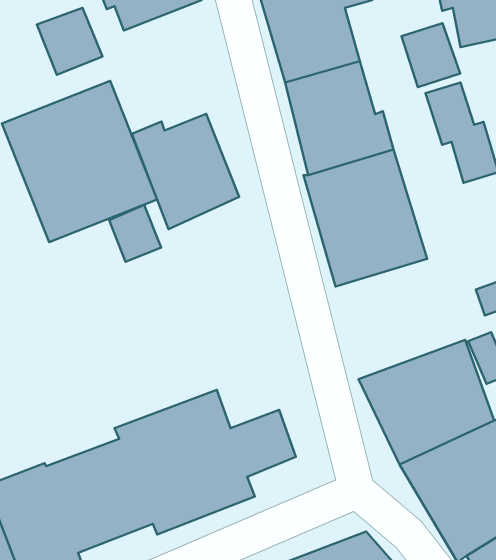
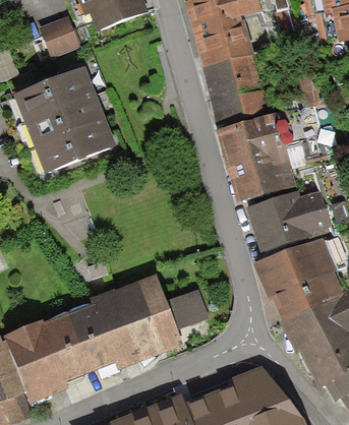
building: [401,23,460,87] -> none
building: [132,114,239,229] -> none
building: [109,205,161,262] -> none
building: none -> [244,189,333,253]

